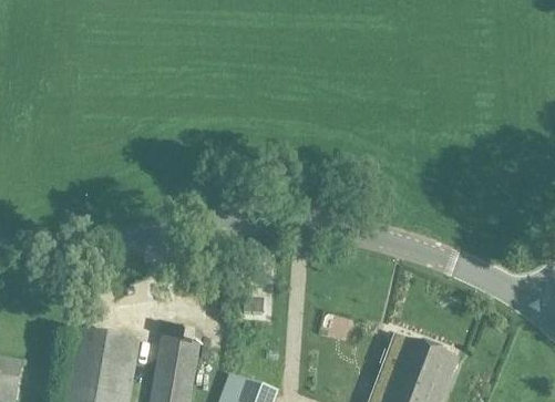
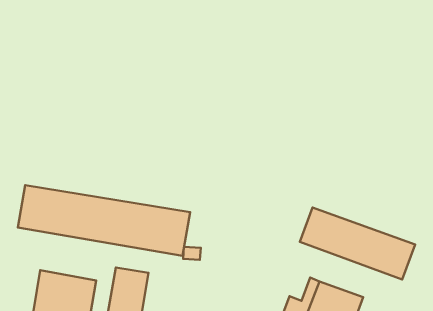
building: none -> [18,185,190,256]
building: none -> [300,207,415,280]

